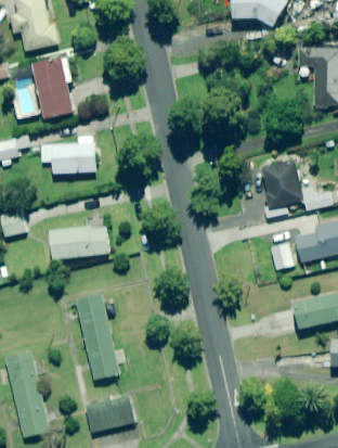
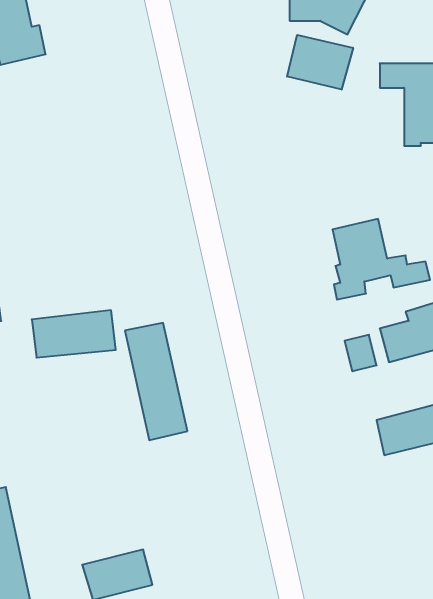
building: none -> [287,35,353,90]
building: [32,57,73,118] -> none
building: [40,137,95,174] -> none
building: [76,296,120,380] -> [125,323,187,440]

